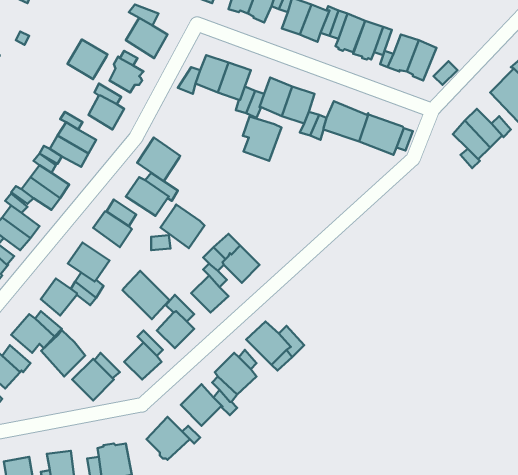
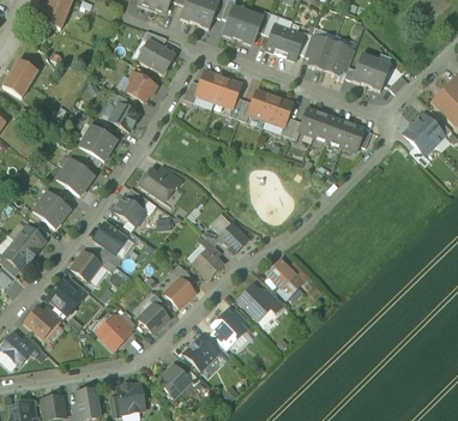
building: [67,40,108,79] -> none
building: [243,117,281,161] -> none
building: [137,137,180,181] -> none
building: [160,205,205,248] -> none
building: [123,271,169,319] -> none
building: none -> [269,261,303,295]
building: [41,330,85,376] -> none

